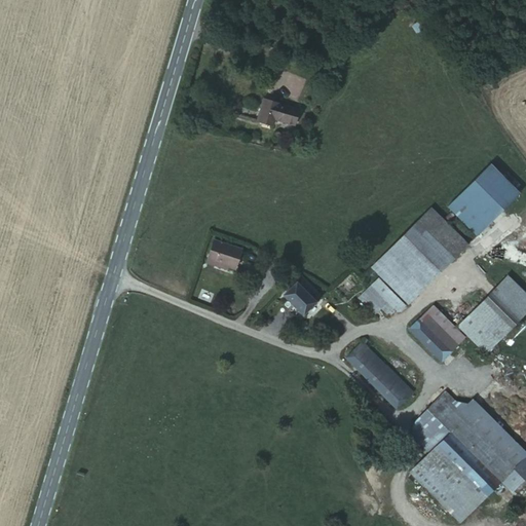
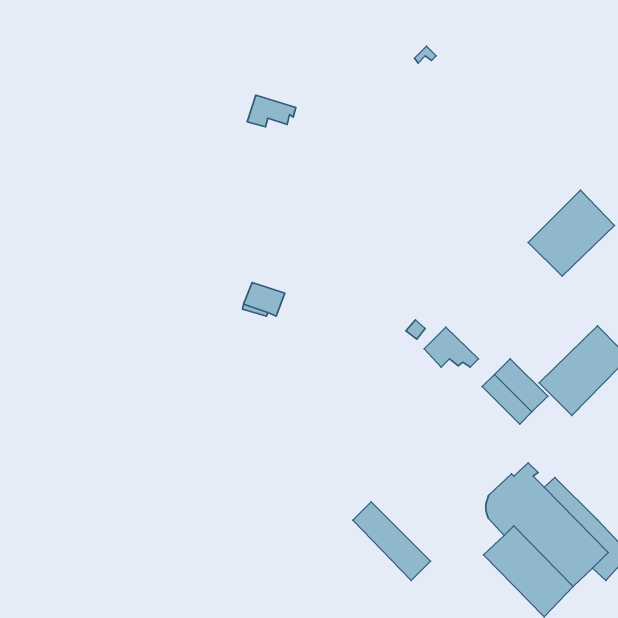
building: [258,98,299,124] -> [247,95,296,127]
building: [373,206,468,303] -> none
building: [285,276,322,314] -> none
building: [347,341,413,408] -> [353,502,430,581]

